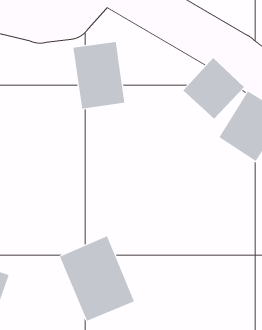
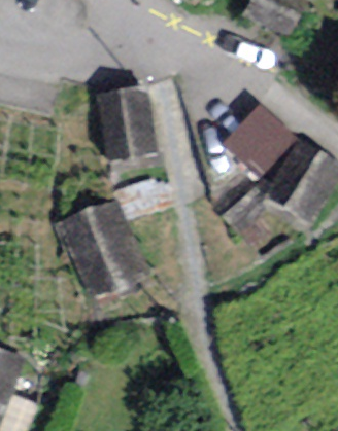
building: [59,236,135,322] -> [59,200,147,300]

